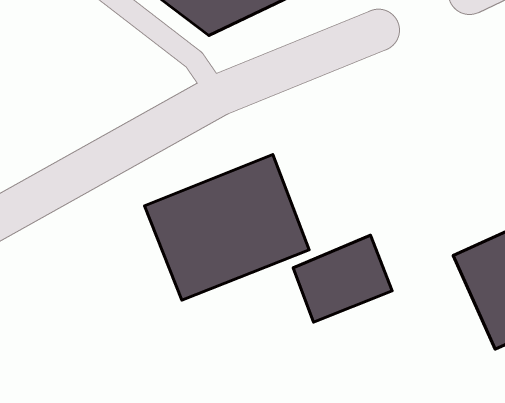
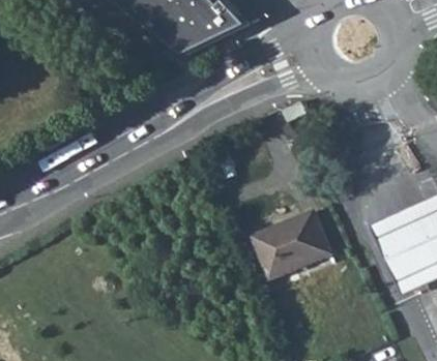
building: [144,155,309,300] -> none

